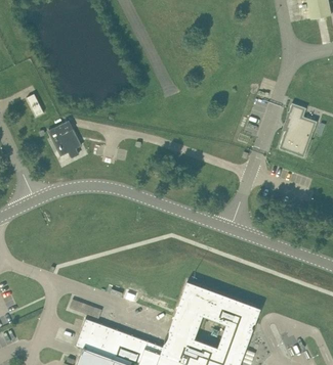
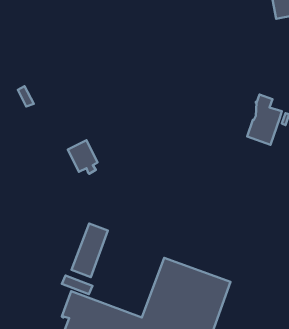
building: [47,123,80,159] -> [68,140,98,174]
building: none -> [71,223,108,277]

